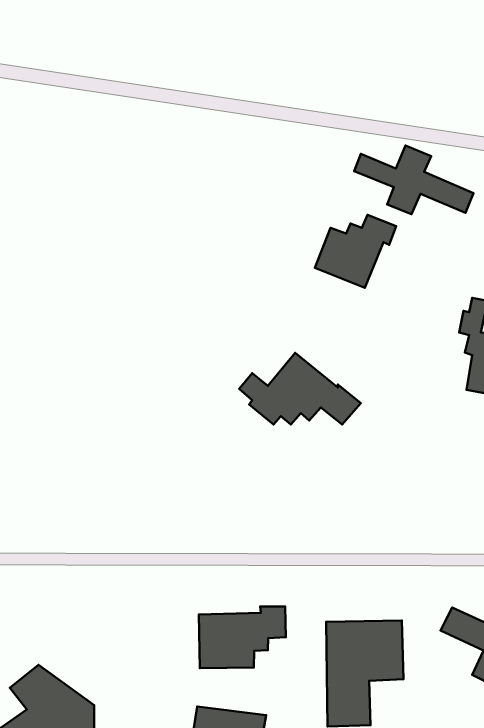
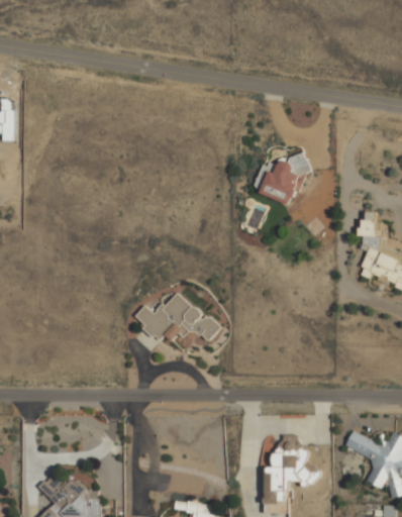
building: [354,145,473,214] -> none
building: [239,353,361,425] -> [135,294,221,344]
building: [199,606,286,668] -> none

